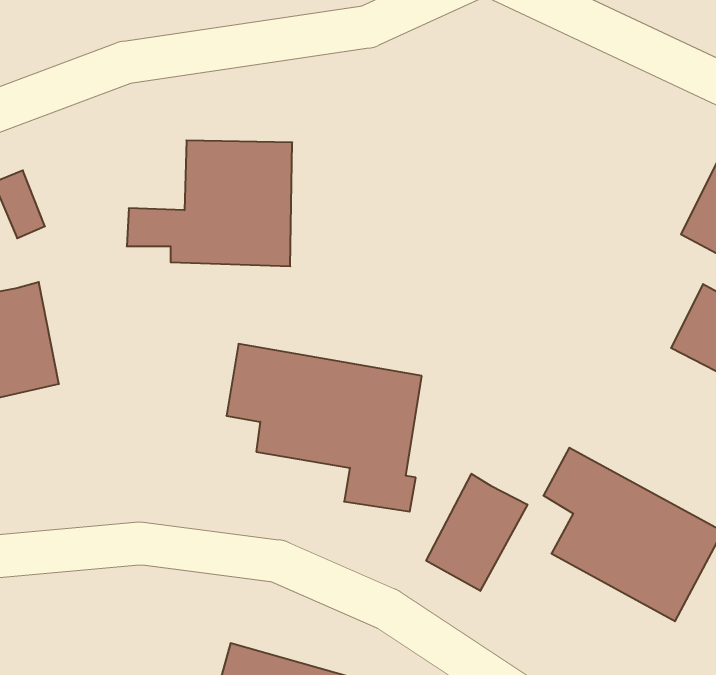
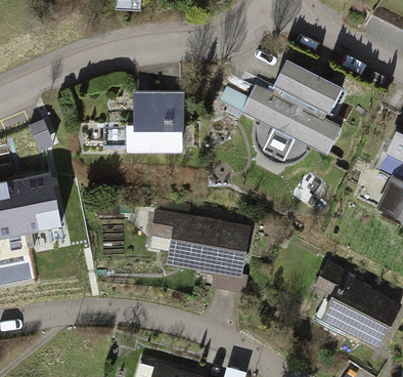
building: none -> [236,66,343,173]
building: [426,474,527,591] -> none

